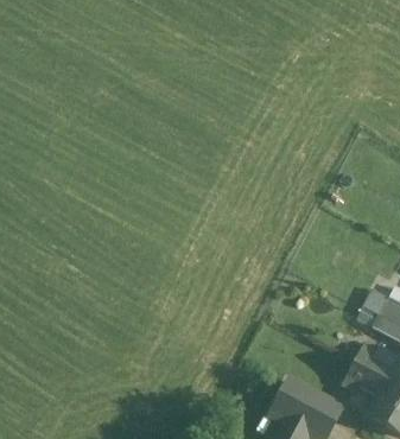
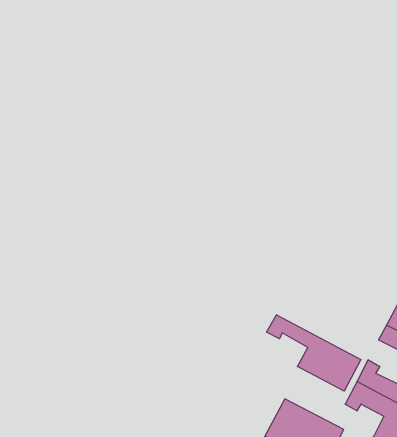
building: none -> [267,315,361,391]

